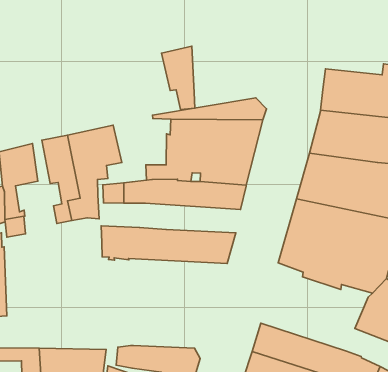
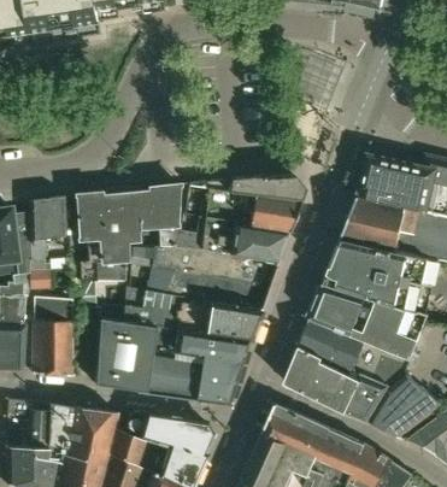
building: [161,46,195,110] -> [148,184,180,247]
building: none -> [164,270,267,310]
building: none -> [33,298,72,376]
building: none -> [95,315,248,405]
building: none -> [286,345,392,419]

